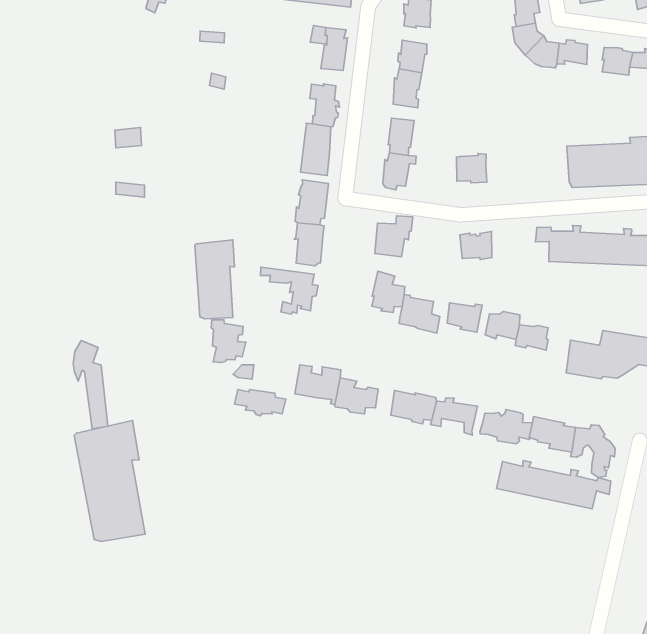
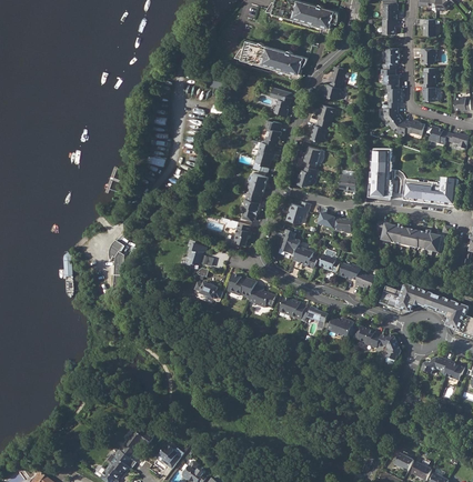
building: none -> [369,147,394,200]
building: [195,240,234,319] -> none
building: [74,420,145,542] -> none
building: [496,461,611,509] -> none

